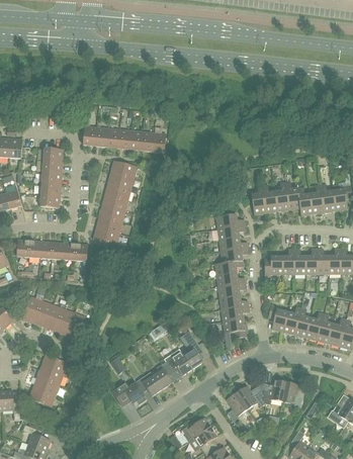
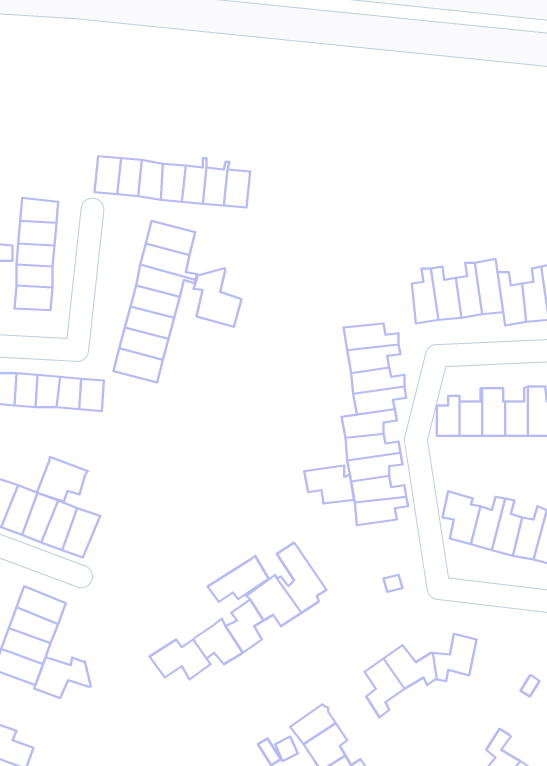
building: none -> [194,268,241,327]
building: none -> [37,457,88,502]
building: [223,317,249,338] -> [304,465,354,504]
building: none -> [208,556,269,602]
building: [282,381,304,408] -> none
building: none -> [34,657,91,698]

